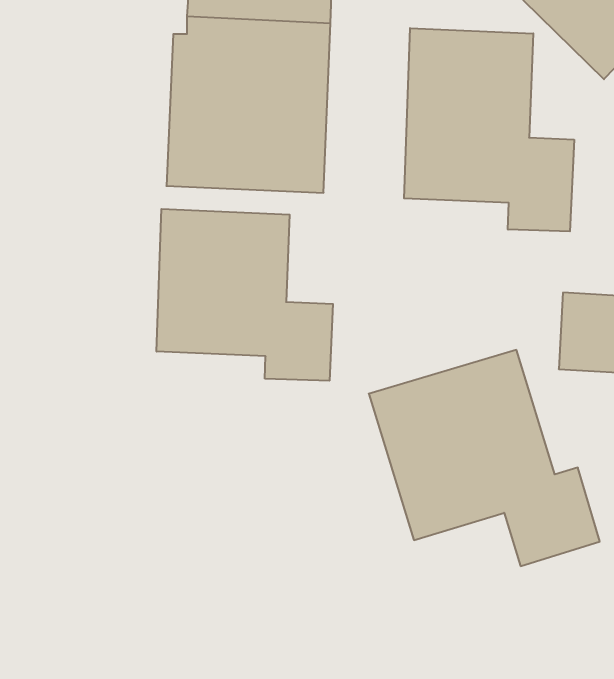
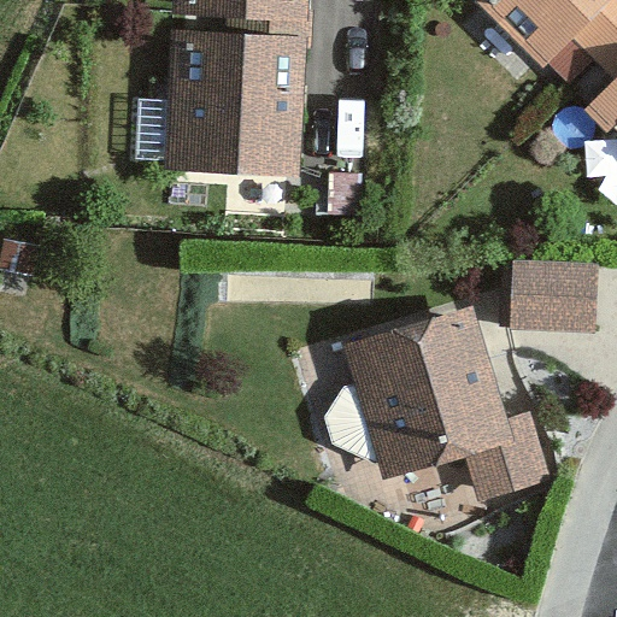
building: [404,28,574,231] -> none
building: [157,209,333,381] -> none

